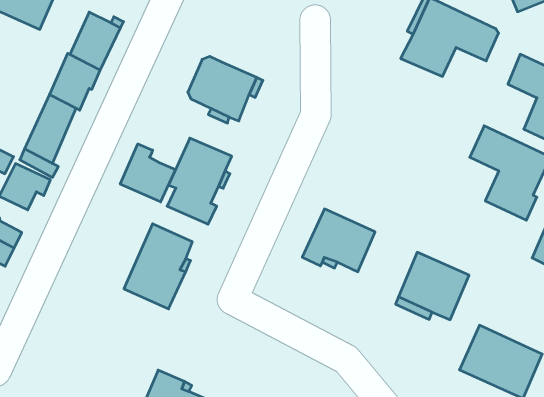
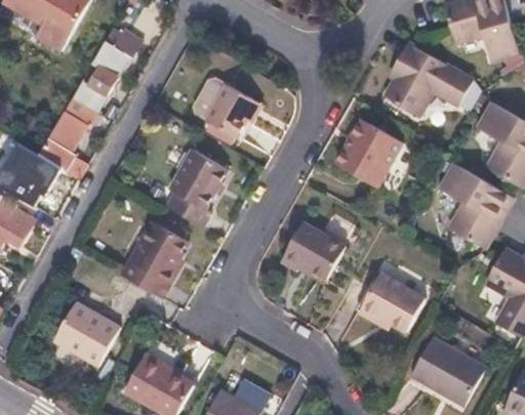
building: none -> [336,120,401,186]
building: [120,144,176,202] -> none
building: none -> [53,300,119,365]

